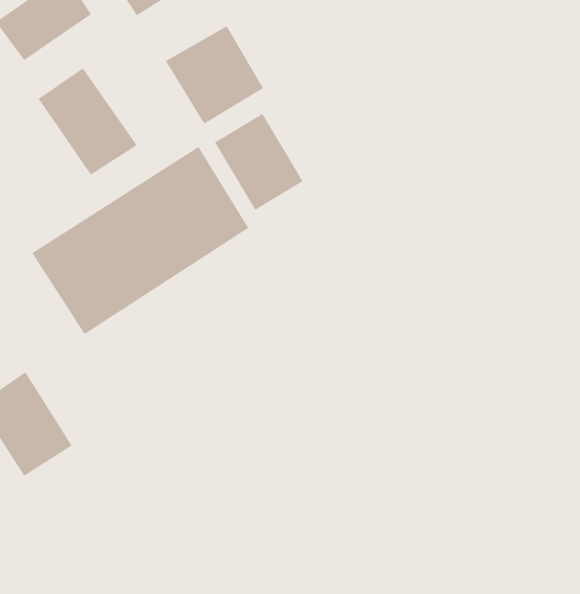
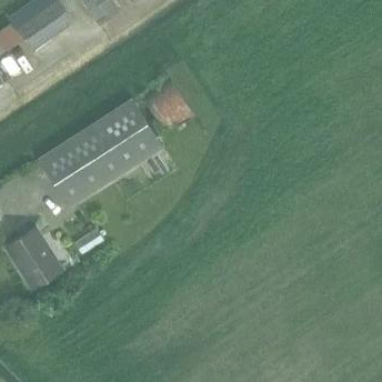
building: [165,26,264,124] -> none
building: [38,67,138,176] -> none

